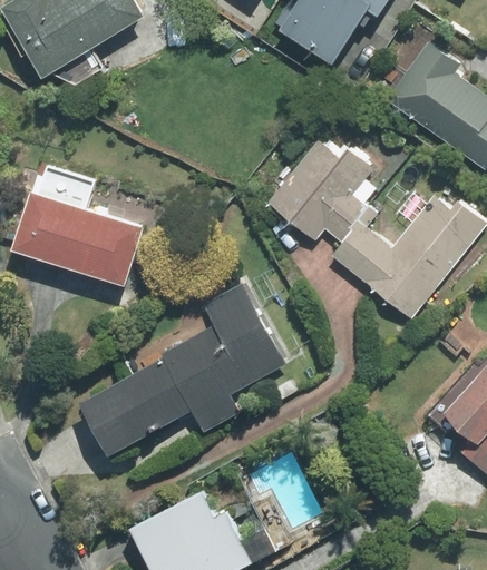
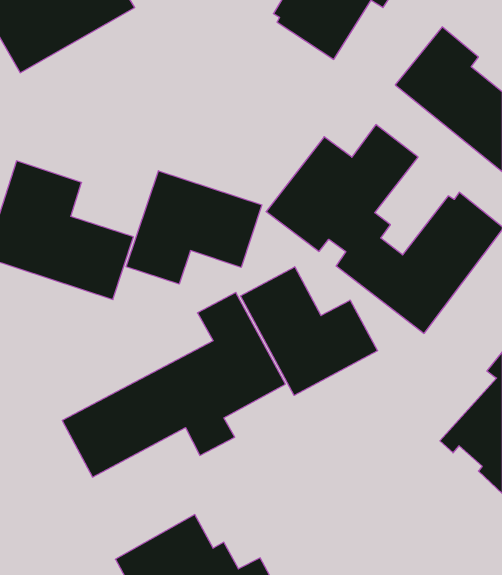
building: none -> [126,171,262,284]
building: none -> [240,267,378,395]

